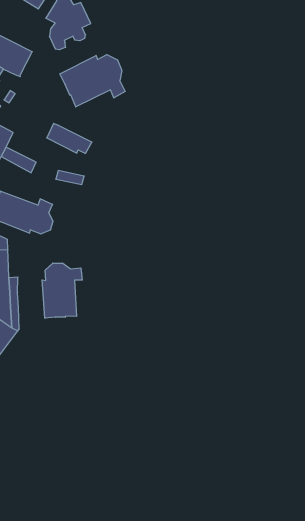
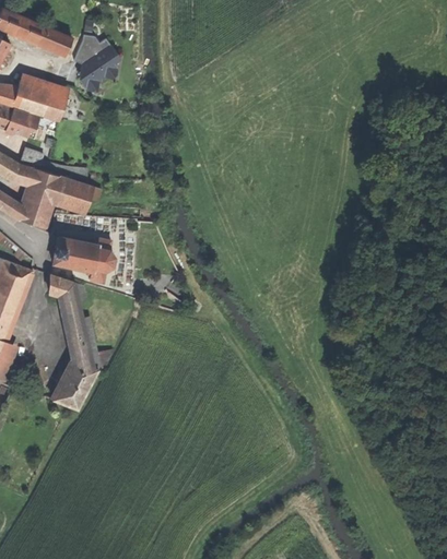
building: [60,55,125,107] -> none
building: [47,123,92,153] -> [57,178,102,203]
building: [42,263,82,318] -> none

